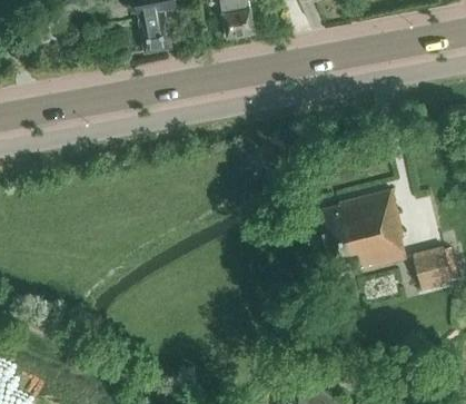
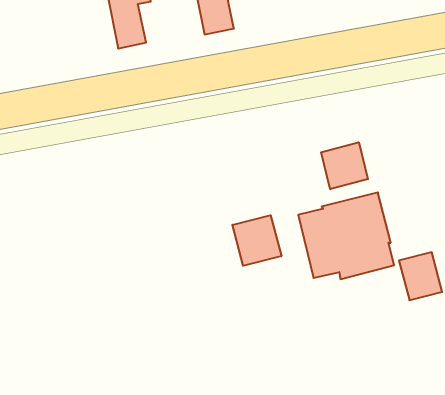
building: none -> [321,142,368,189]
building: none -> [232,215,281,266]

